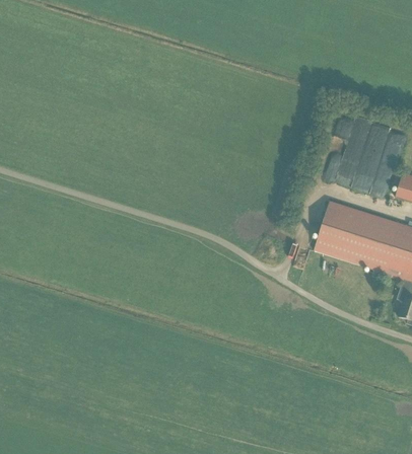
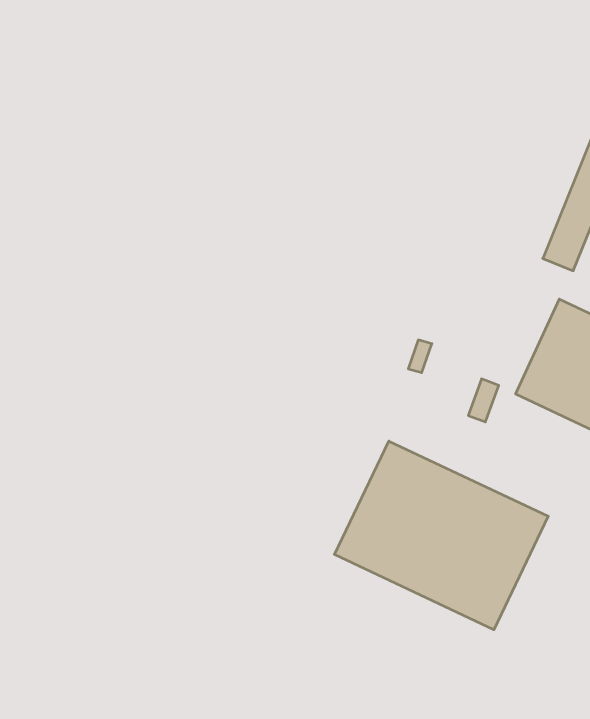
building: none -> [334,441,548,630]

